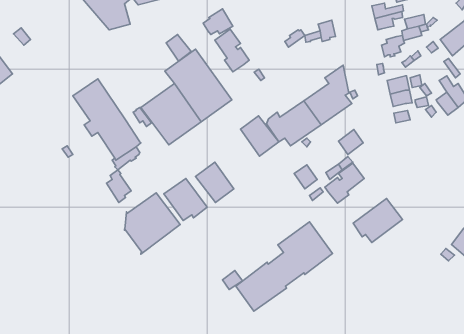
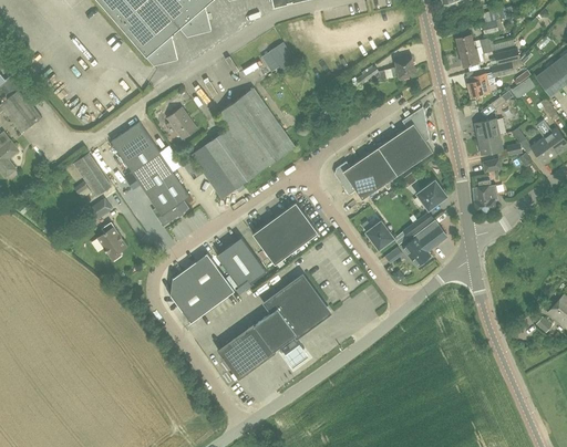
building: [215,29,249,72] -> none
building: [166,34,191,61] -> [167,107,196,138]
building: none -> [73,153,111,197]
building: [240,116,279,156] -> [275,202,319,249]
building: none -> [472,180,497,212]
building: [106,170,131,202] -> [97,221,126,259]
building: [353,199,402,242] -> none
building: [236,222,333,311] -> [217,276,329,378]

